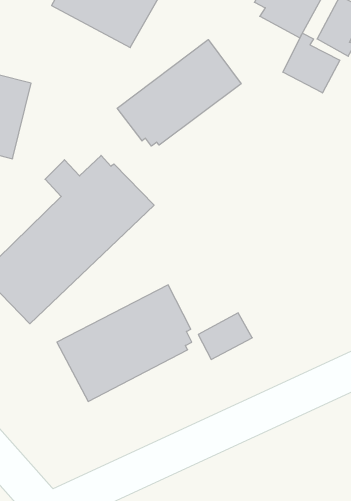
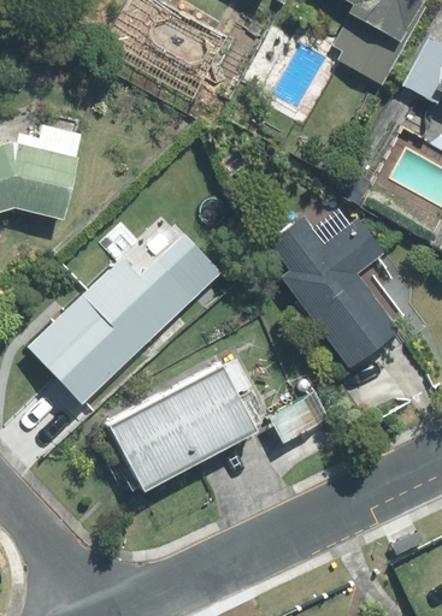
building: [283,33,340,93] -> none
building: [117,40,241,146] -> none
building: none -> [269,212,405,366]

